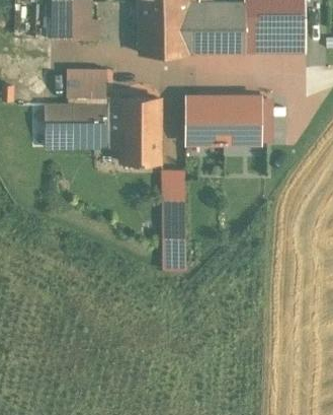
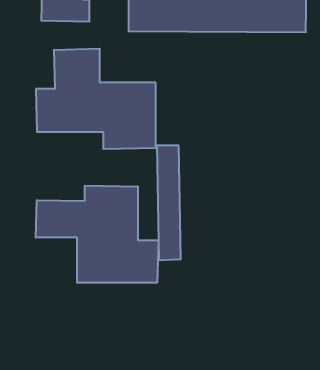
building: [186,96,279,144] -> none
building: none -> [36,186,158,283]

